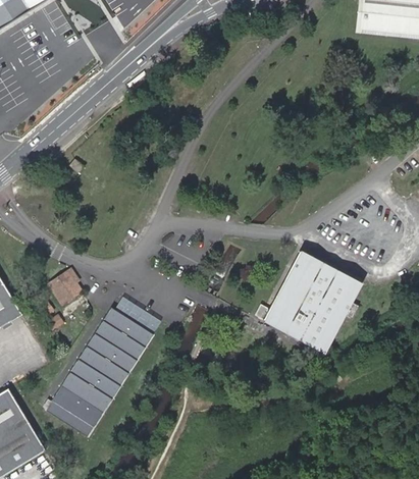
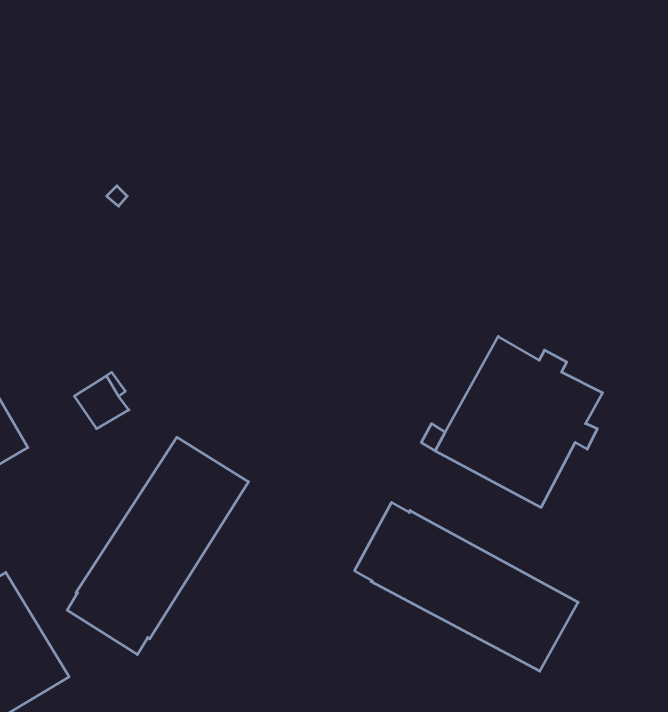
building: [109,296,160,335] -> none
building: none -> [355,502,578,671]

